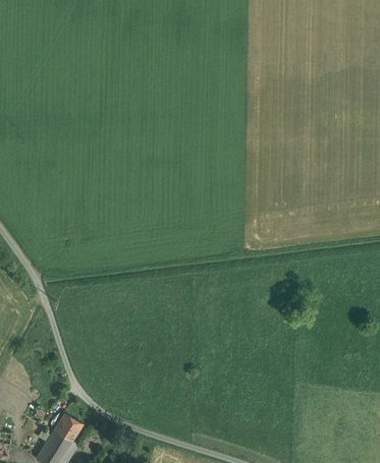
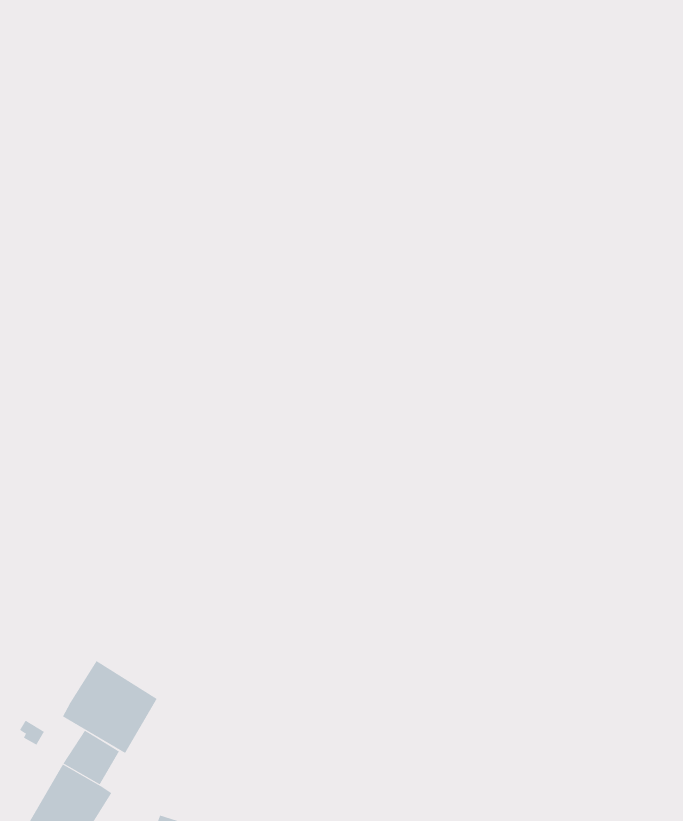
building: none -> [62,660,158,754]

